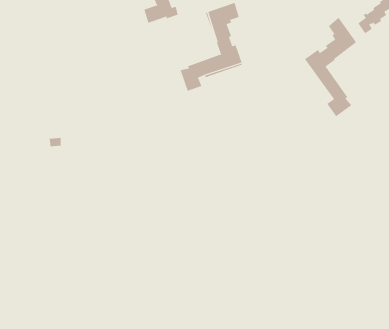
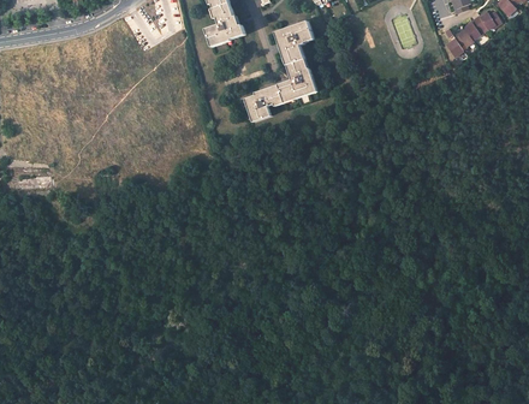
building: [304,17,357,117] -> none

